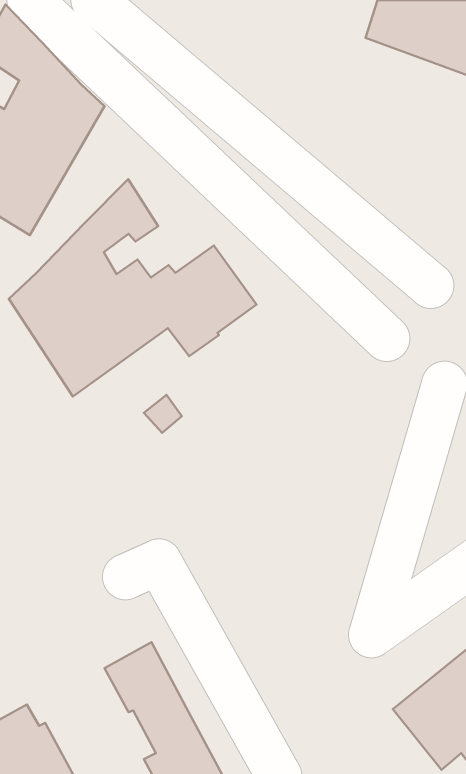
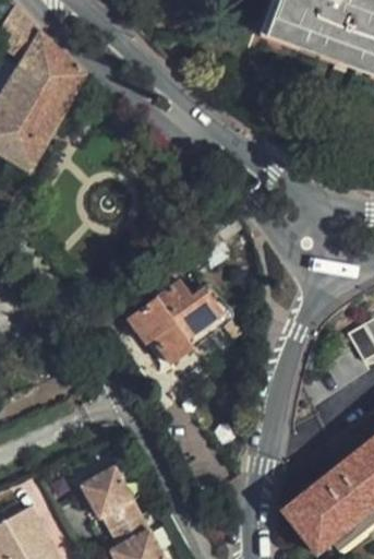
building: [9,179,256,396] -> none
building: none -> [132,283,224,361]

